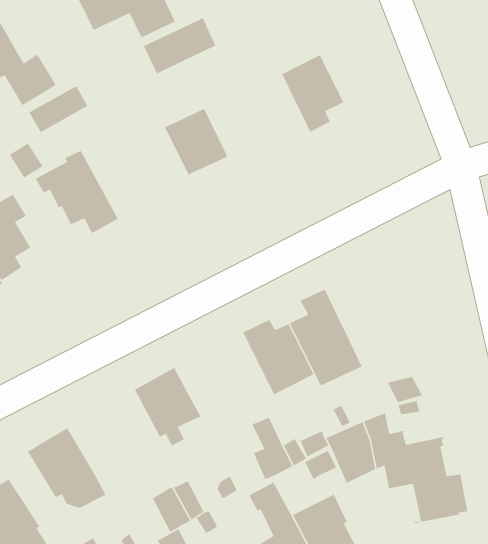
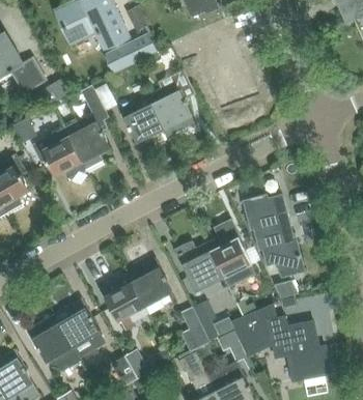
building: [281,54,344,133] -> [148,82,192,136]
building: none -> [63,84,109,172]
building: none -> [243,194,305,278]
building: none -> [128,258,174,308]
building: none -> [54,298,102,348]

